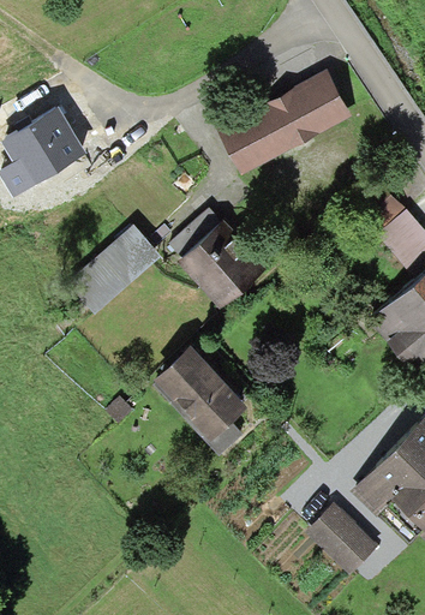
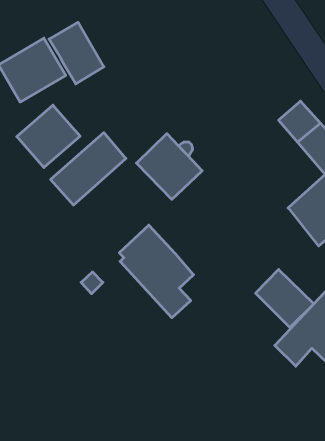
building: [219,70,353,175] -> none
building: none -> [49,22,104,84]
building: none -> [17,105,80,168]
building: [305,503,378,577] -> [256,269,314,328]

